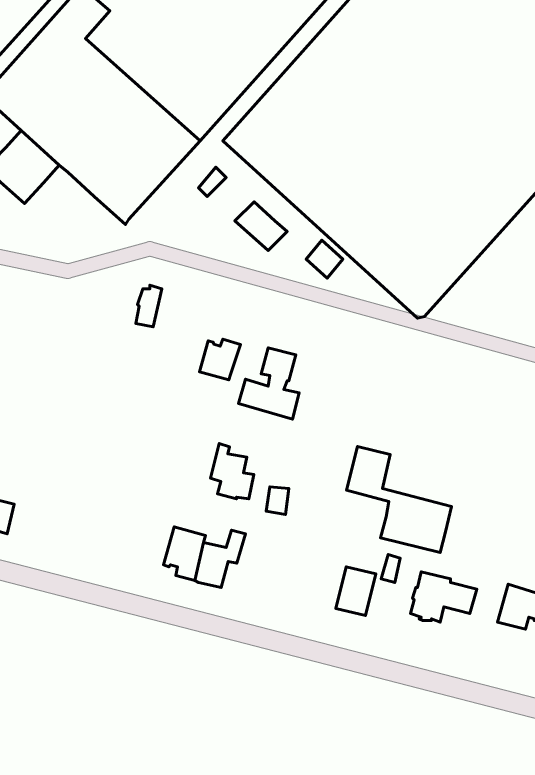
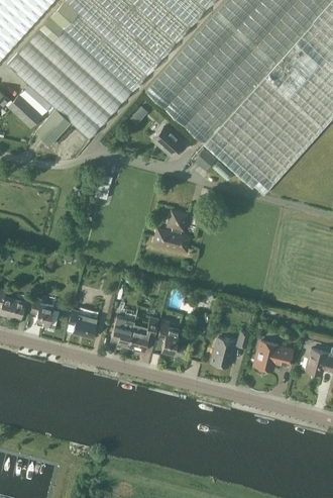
building: none -> [34,108,71,144]
building: [200,339,241,380] -> none
building: [210,443,254,499] -> [157,319,183,352]
building: [347,446,452,553] -> none
building: none -> [31,298,59,325]
building: none -> [69,306,99,336]

